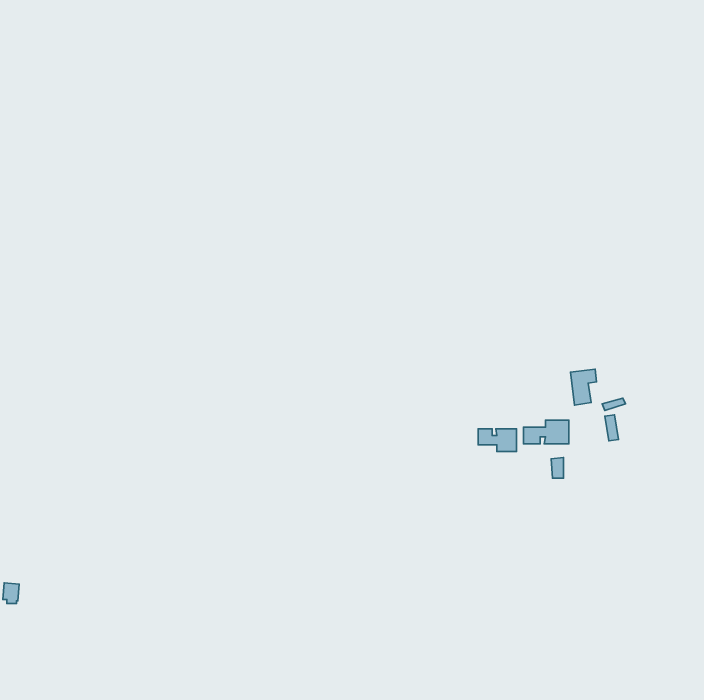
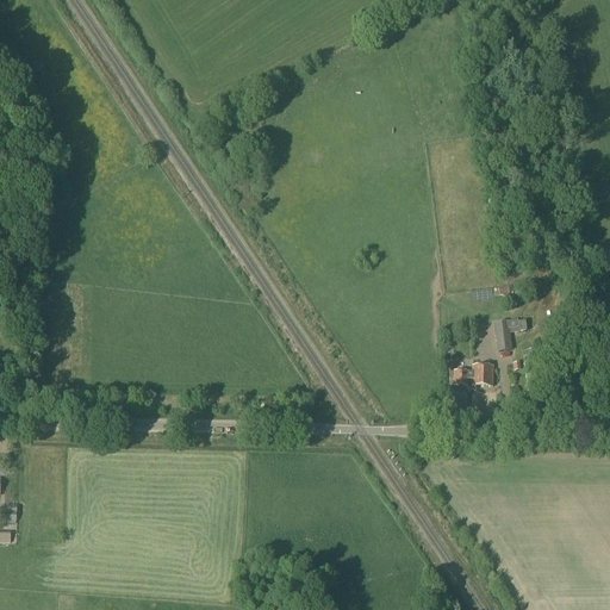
building: [478,429,517,451] -> none

